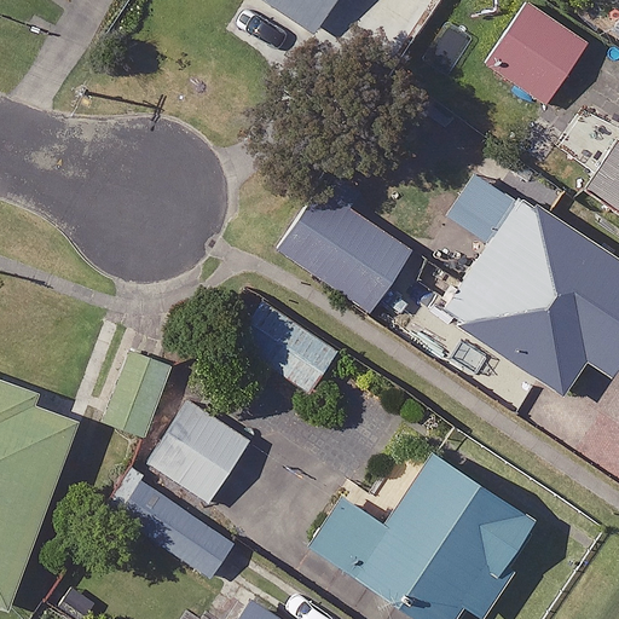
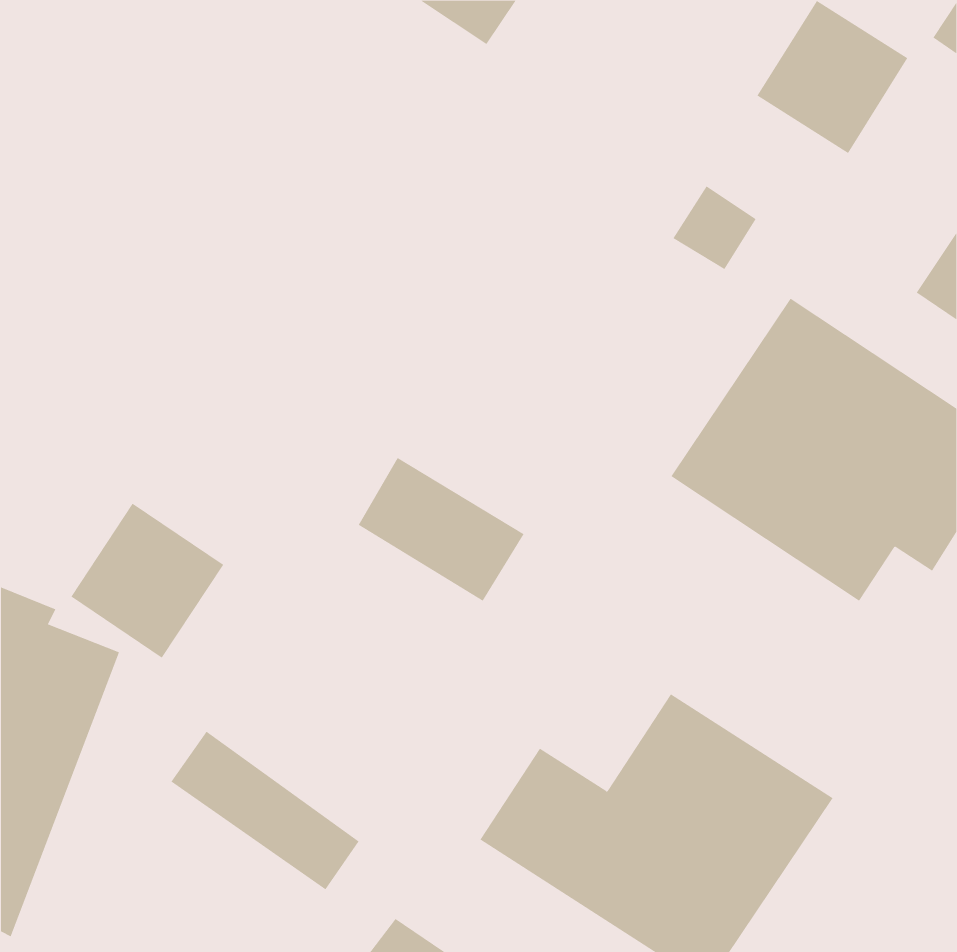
building: [282,193,409,311] -> none
building: [151,401,250,502] -> [71,503,224,658]

